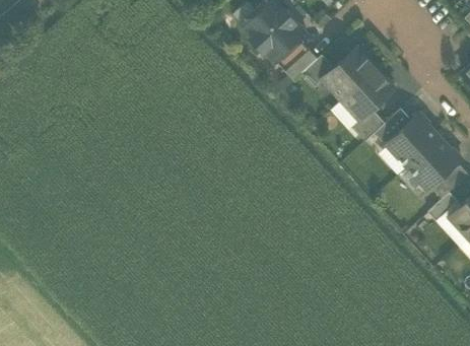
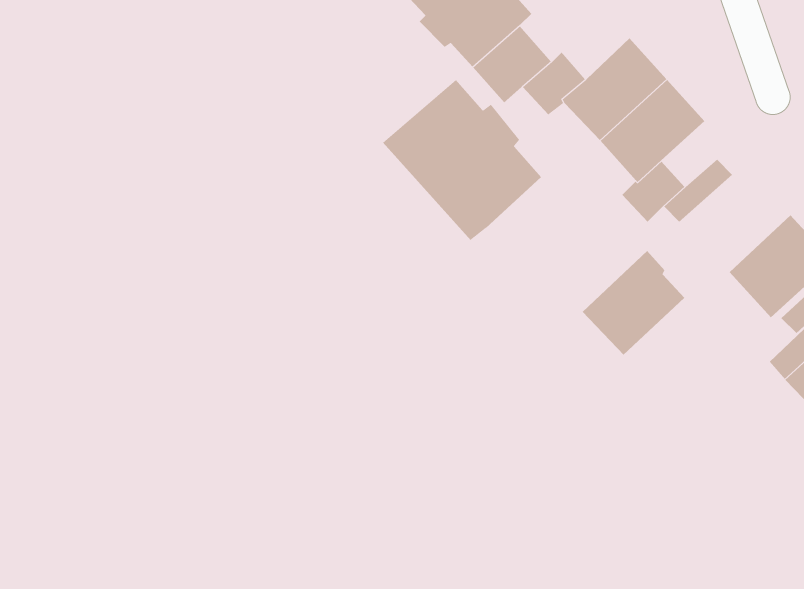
building: none -> [382,79,542,241]
building: [387,114,440,167] -> [582,250,685,356]

